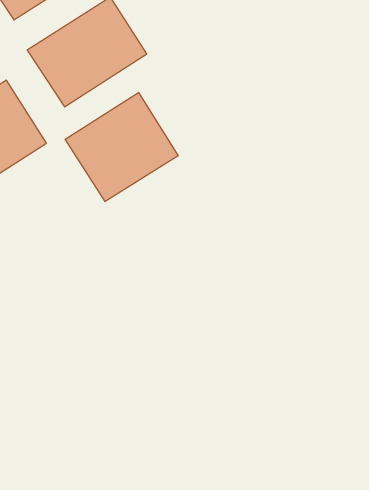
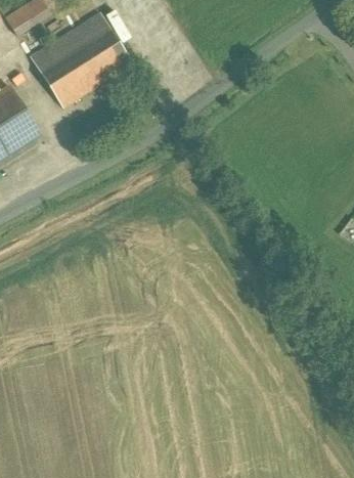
building: [65,92,178,202] -> none

